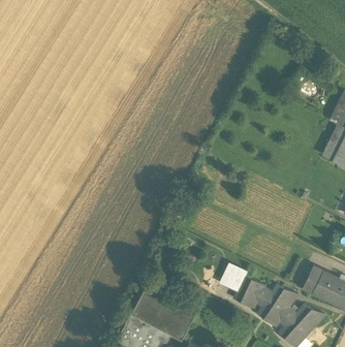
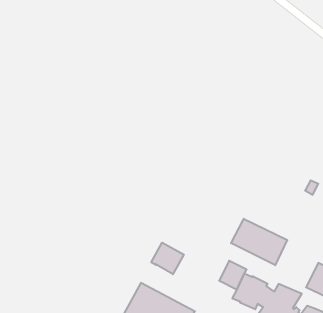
building: none -> [231,219,287,265]
building: none -> [151,243,184,274]

